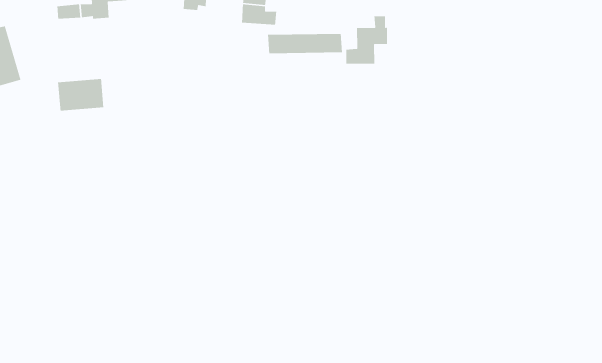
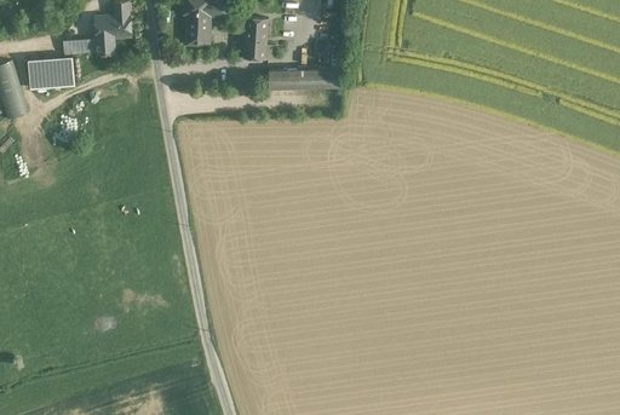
building: [345,16,388,65] -> none
building: [57,78,104,112] -> [27,57,73,90]

